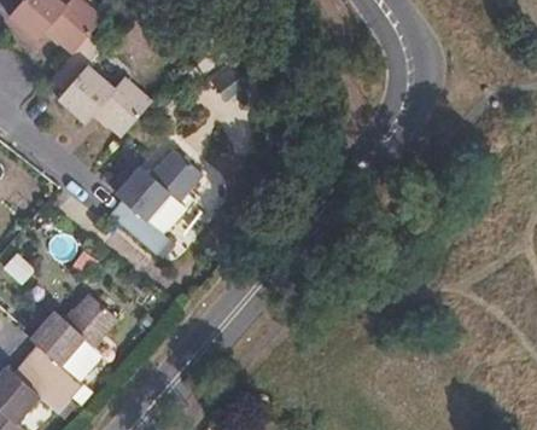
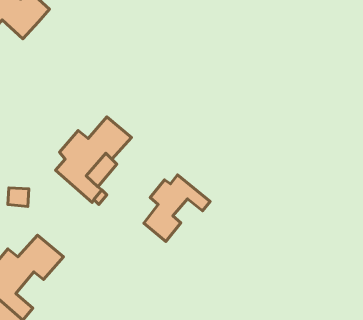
building: [48,34,152,138] -> none
building: none -> [144,175,210,241]

